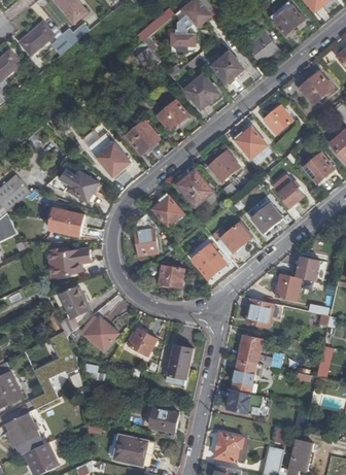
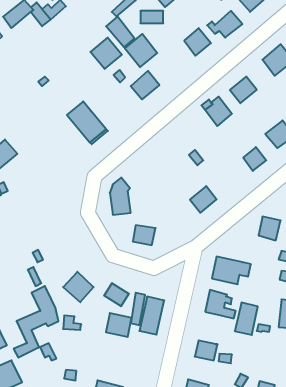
building: [184,74,219,110] -> [125,34,157,67]
building: [125,120,159,154] -> [90,38,122,69]
building: [208,150,239,180] -> none
building: [45,167,98,201] -> none
building: [178,170,212,205] -> none
building: [152,195,183,226] -> none
building: [250,202,281,233] -> none
building: [49,207,84,235] -> none
building: [191,244,224,278] -> none
building: [47,248,89,277] -> none
building: [274,274,299,303] -> none
building: [61,285,89,316] -> none
building: [230,360,254,395] -> [235,303,258,335]
building: [150,407,178,433] -> [106,313,132,337]

